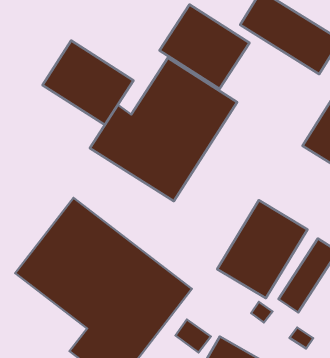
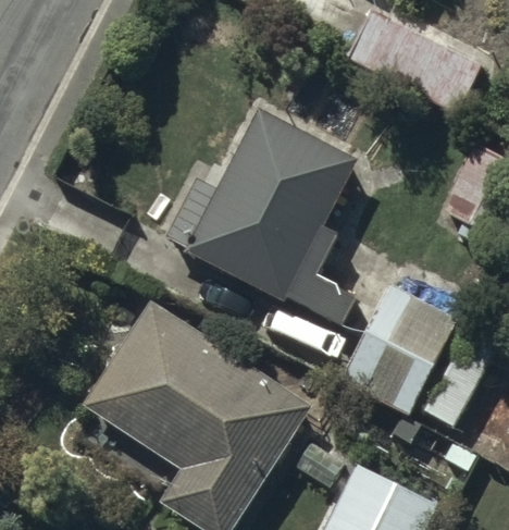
building: [160,4,249,89] -> none
building: [42,41,134,125] -> none

